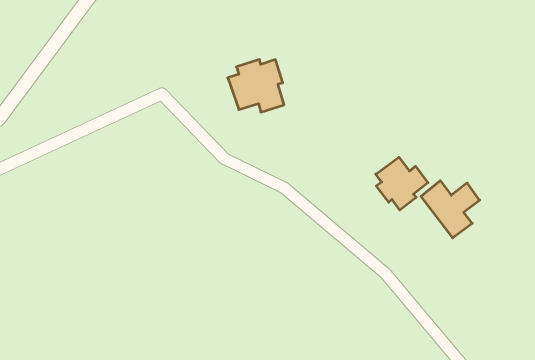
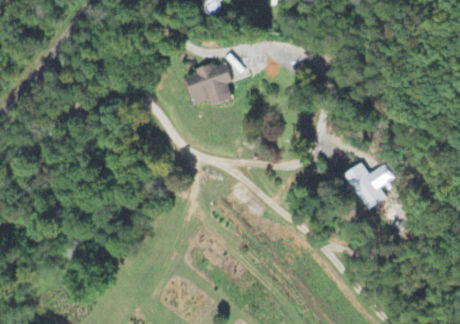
building: [376,157,428,210] -> none

